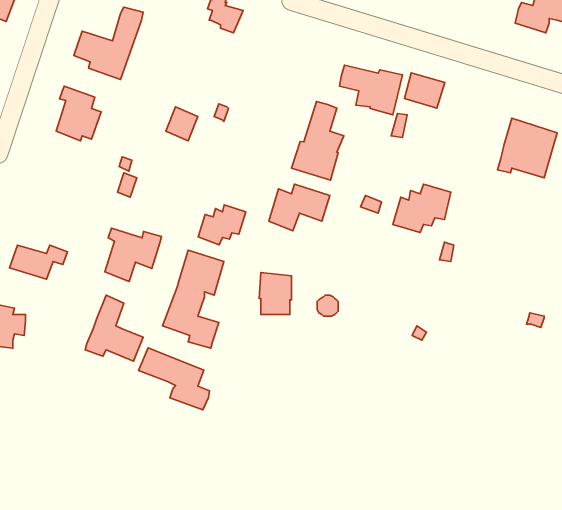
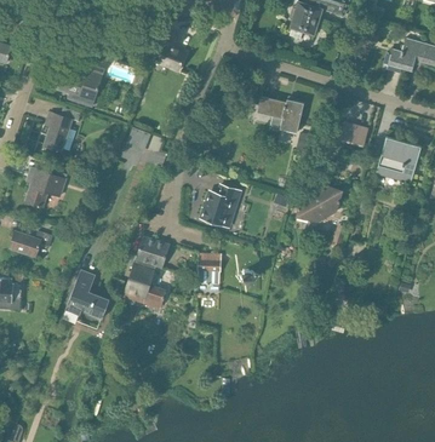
building: [405,73,445,108] -> [338,121,368,148]
building: [291,102,344,180] -> none
building: [198,205,246,245] -> none
building: [105,228,161,281] -> [25,167,68,207]
building: [138,348,210,410] -> none

